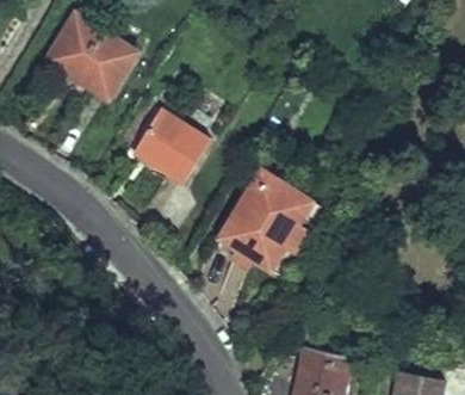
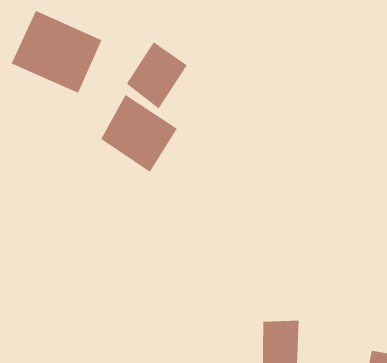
building: none -> [126,41,188,109]
building: [211,174,308,279] -> none

